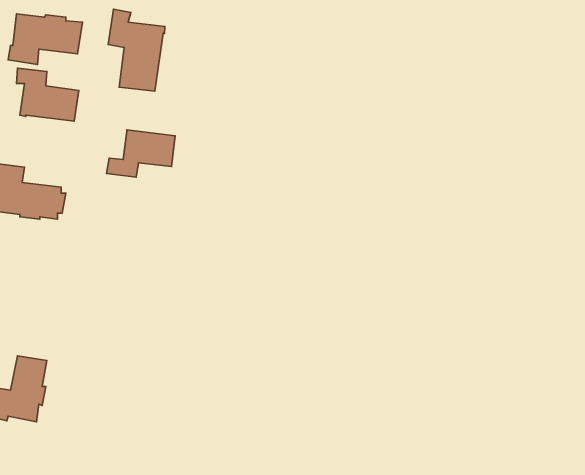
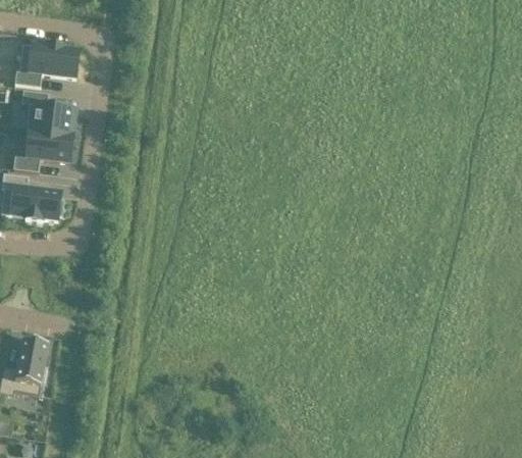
building: [108,9,165,91] -> none
building: [107,130,175,177] -> [13,131,72,171]

